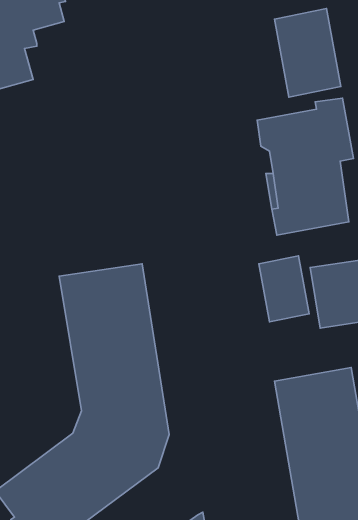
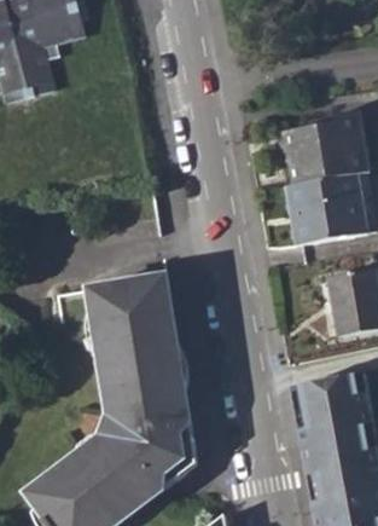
building: [274,9,341,97] -> none
building: [259,256,309,322] -> none

